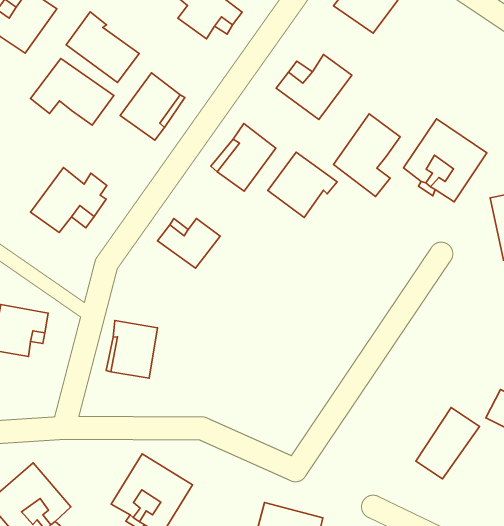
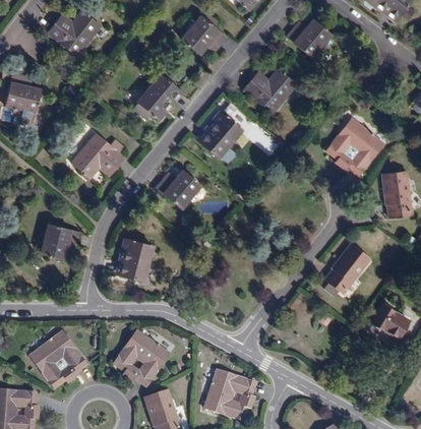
building: [66,12,139,83] -> none
building: [30,58,114,125] -> none
building: [334,114,400,197] -> none
building: [268,152,337,218] -> none
building: [416,407,480,479] -> [325,245,370,293]

